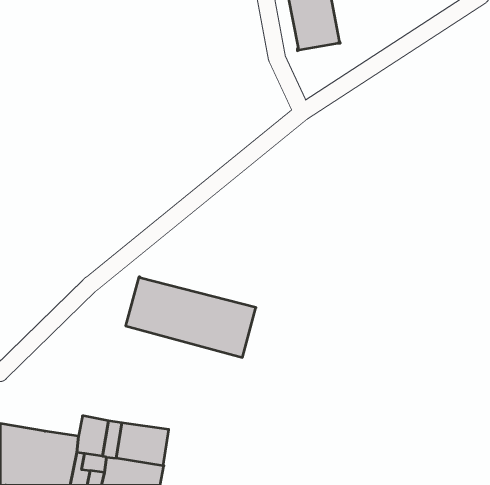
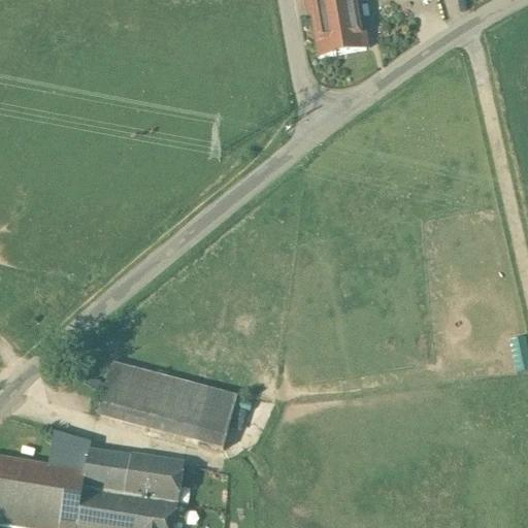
building: [126,277,256,357] -> [97,360,237,447]
building: none -> [48,430,91,469]

